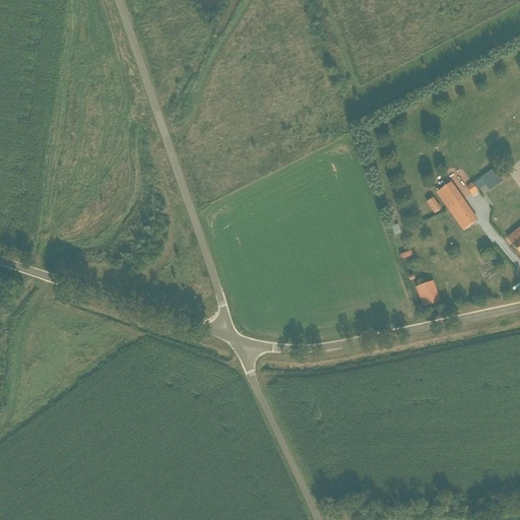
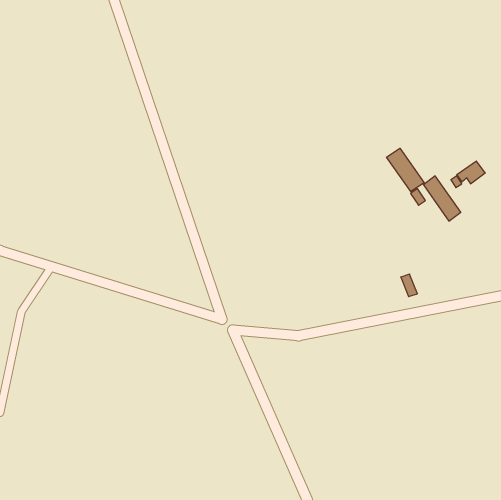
building: none -> [387,148,424,192]

